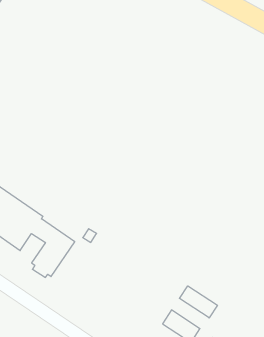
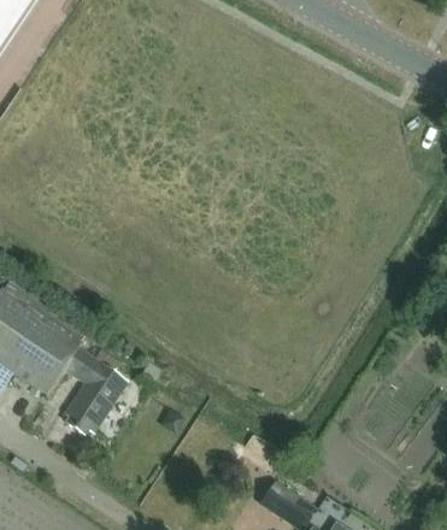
building: [179,286,217,318] -> none

